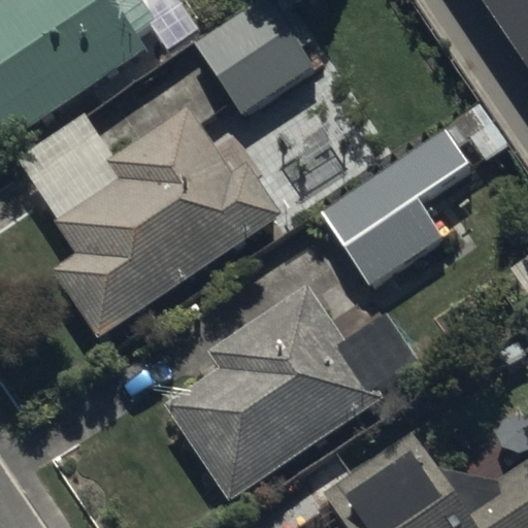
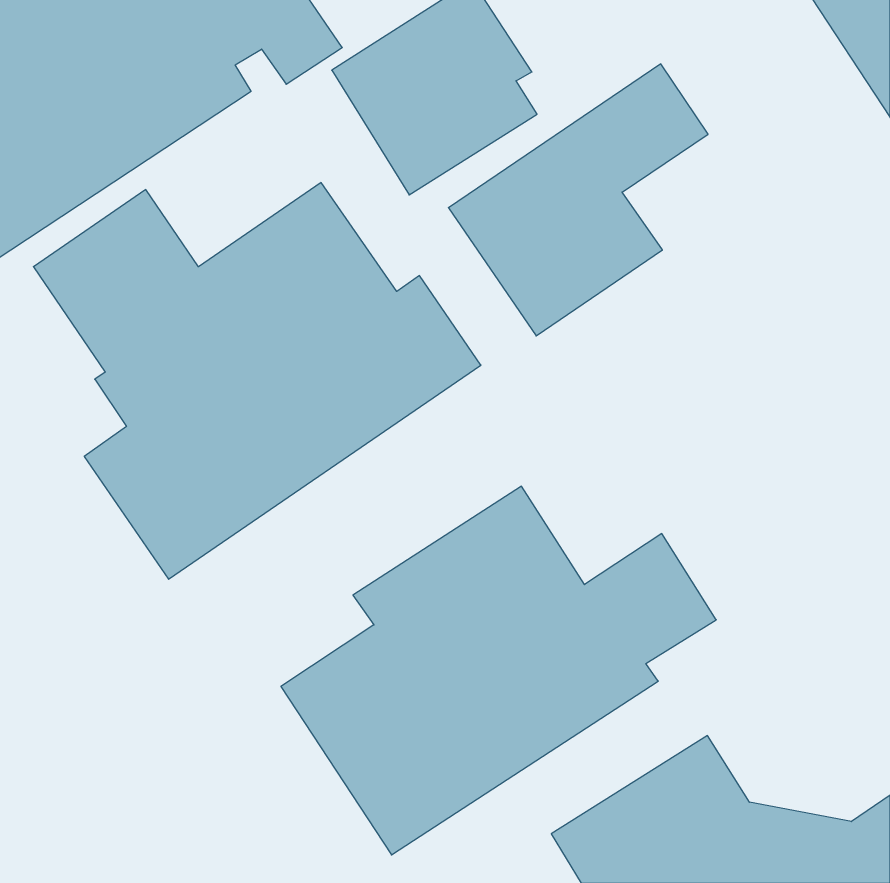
building: [320,127,472,287] -> [448,64,708,336]

